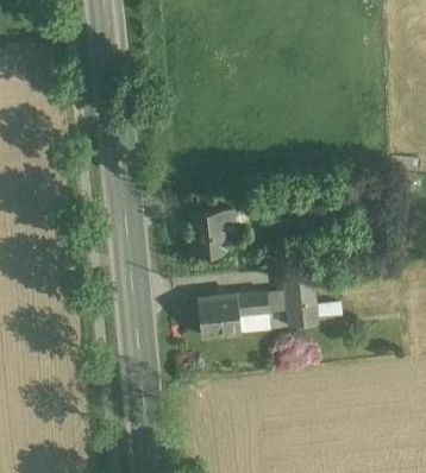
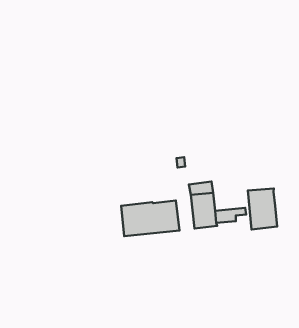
building: [187,209,242,256] -> none
building: none -> [248,188,277,230]

